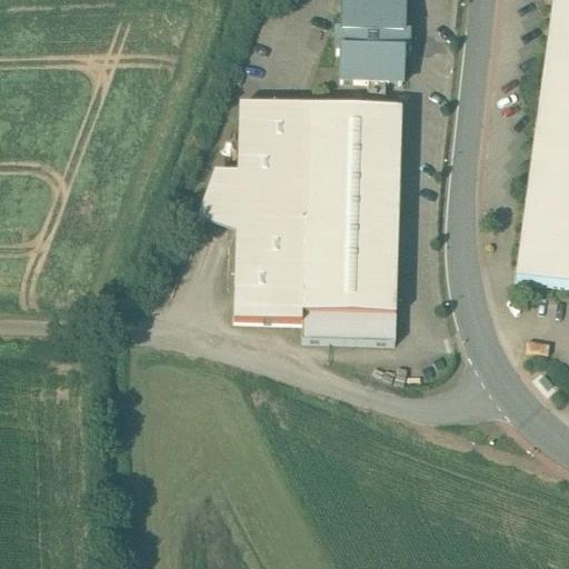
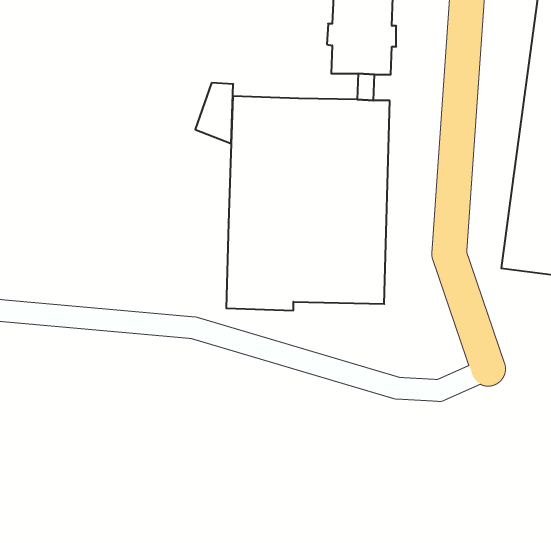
building: [200,167,239,229] -> [195,83,233,144]
building: [303,310,397,339] -> none

